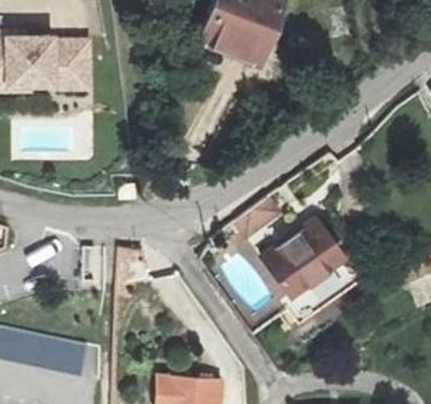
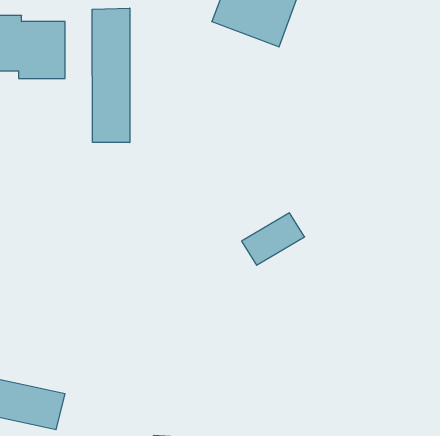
building: none -> [92,8,130,143]
building: [260,222,345,297] -> none

